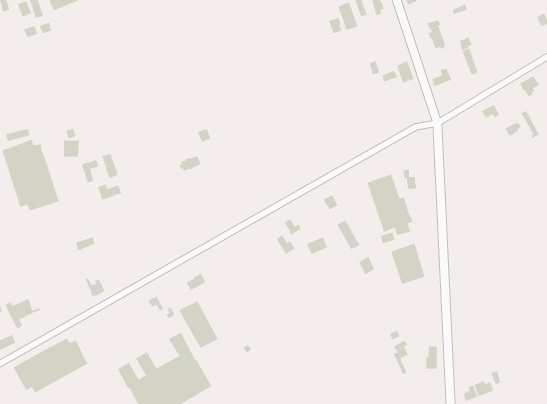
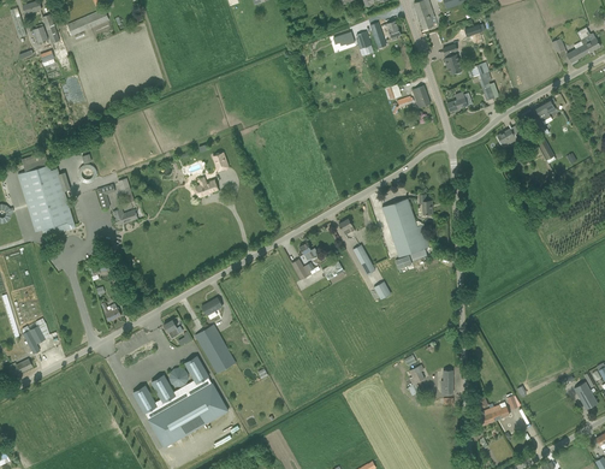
building: [391,243,425,285] -> none
building: [13,337,88,394] -> none

